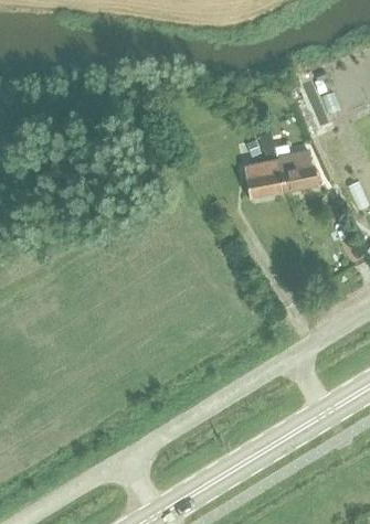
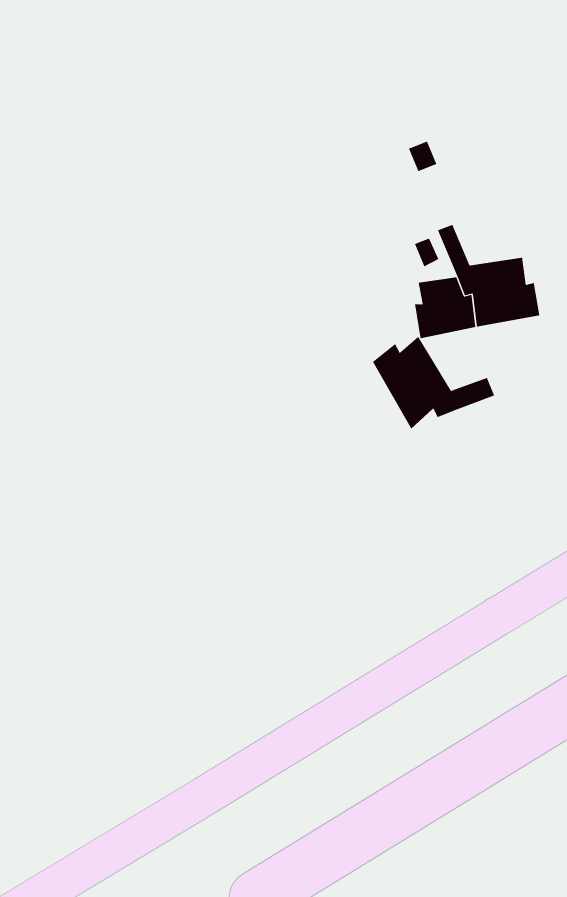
building: none -> [372,336,495,429]

